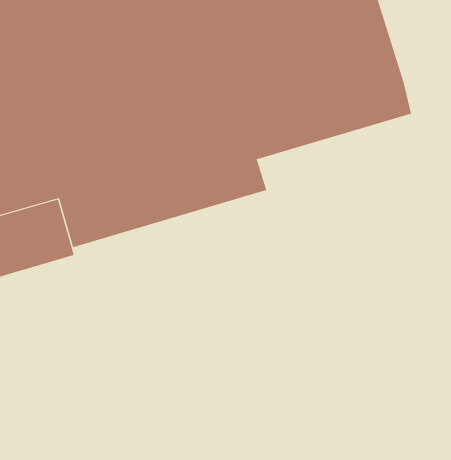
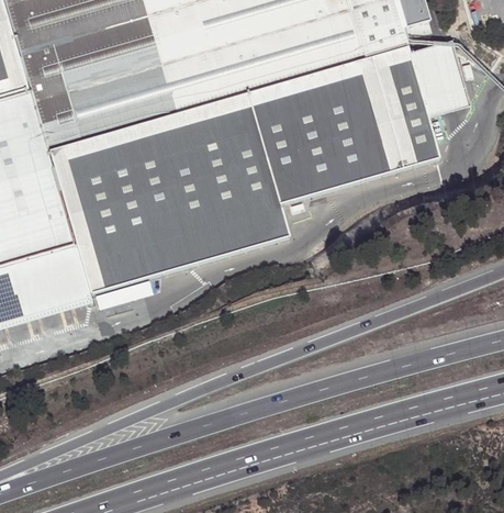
building: none -> [411,44,471,120]

